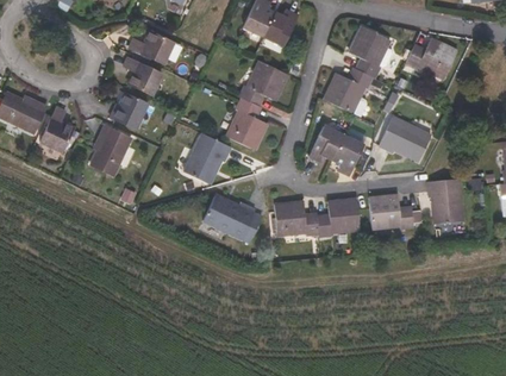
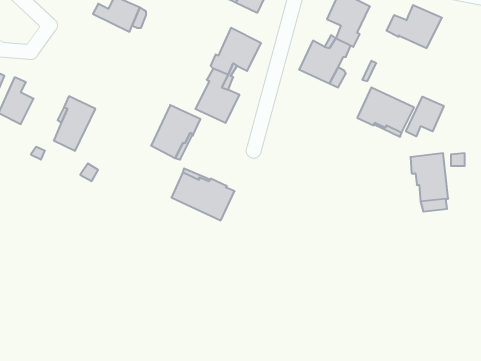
building: [123,56,161,95] -> none
building: [110,92,148,129] -> none
building: none -> [406,97,444,136]
building: [308,125,363,174] -> none
building: [368,193,413,227] -> none
building: [274,199,360,234] -> none

